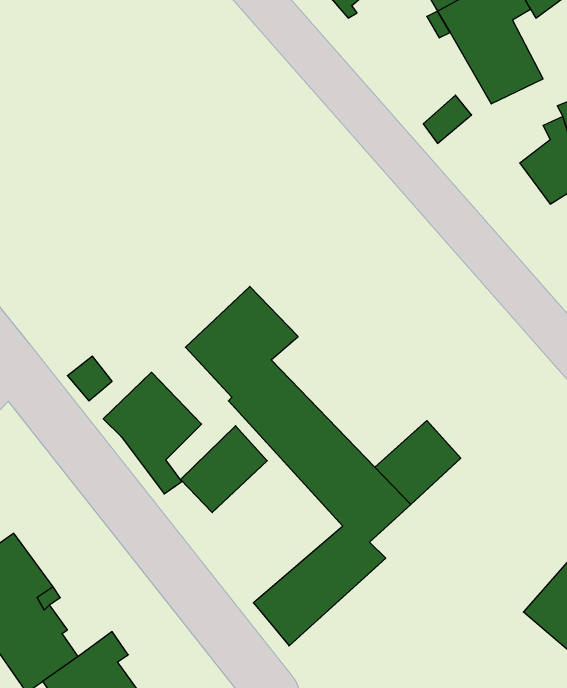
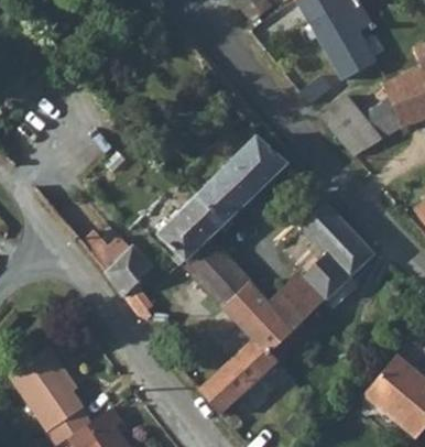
building: none -> [320,97,380,156]
building: none -> [195,135,287,223]
building: none -> [303,204,374,298]
building: [180,426,267,513] -> none

